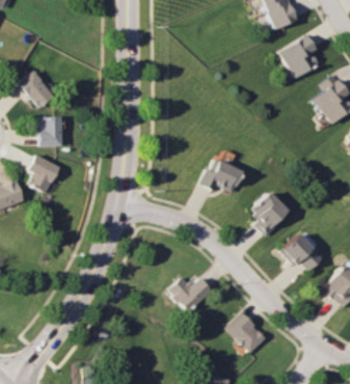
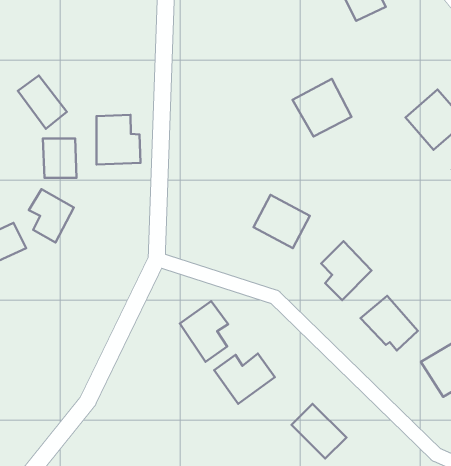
building: [277,35,321,78] -> [292,79,351,136]
building: none -> [97,115,140,164]
building: none -> [180,301,228,362]

